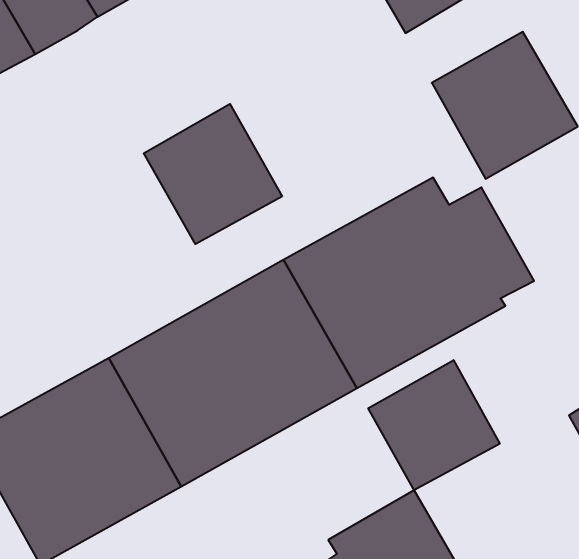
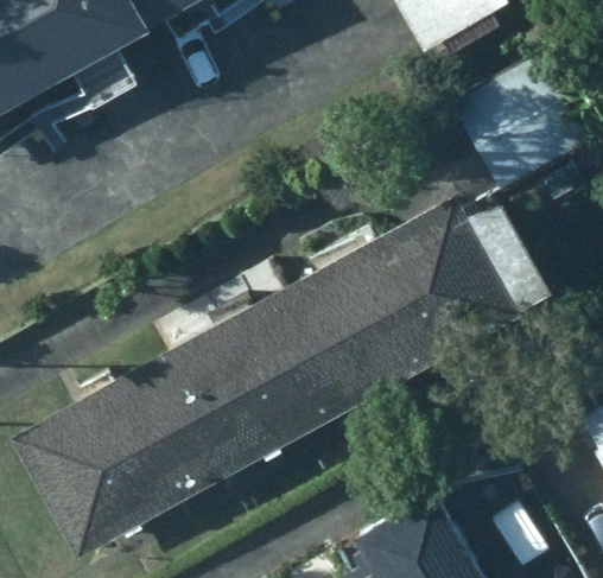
building: [144,104,282,244] -> none
building: [368,360,500,490] -> none

